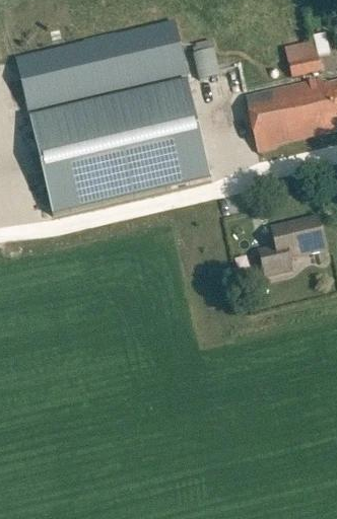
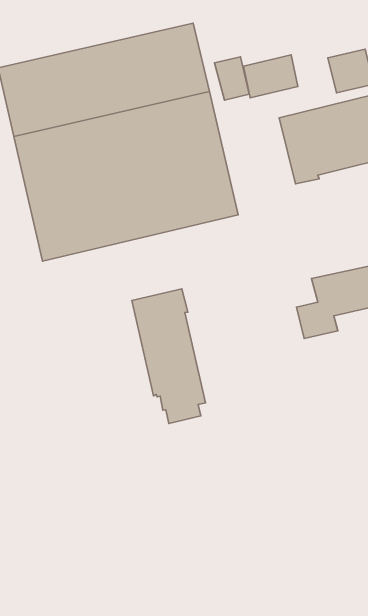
building: none -> [243,55,298,98]
building: none -> [132,289,206,424]

